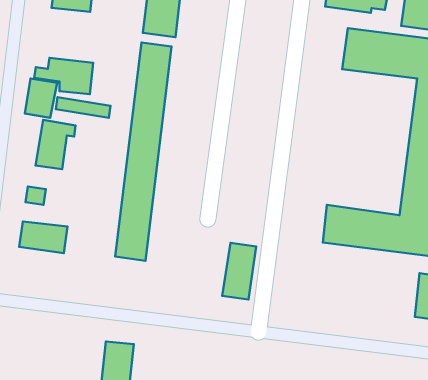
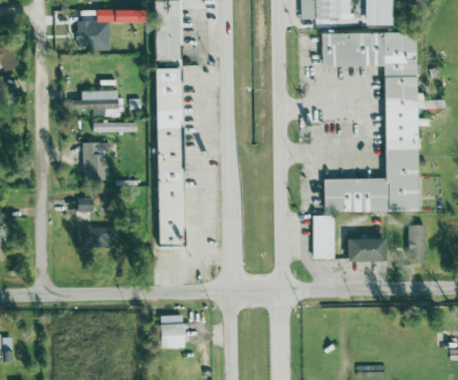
building: [25,79,57,118] -> none
building: [222,243,256,300] -> [313,216,335,260]
building: none -> [349,239,387,262]

